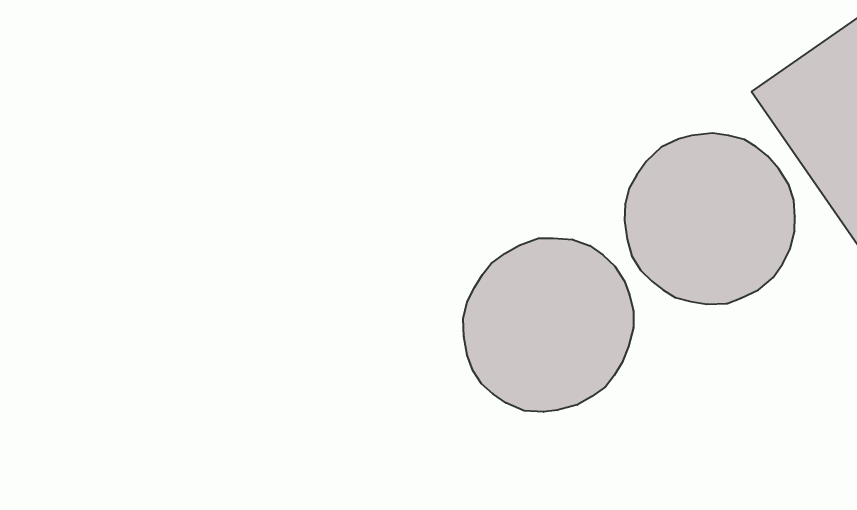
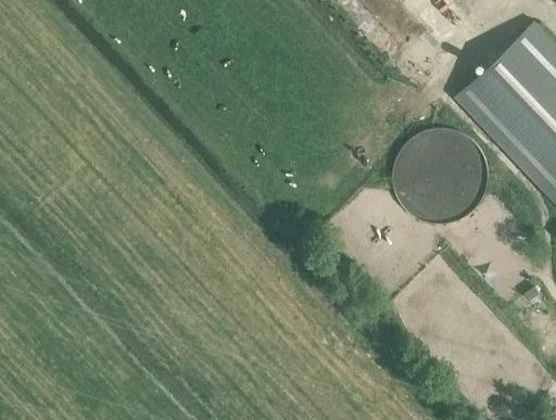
building: [463,238,633,412] -> none

